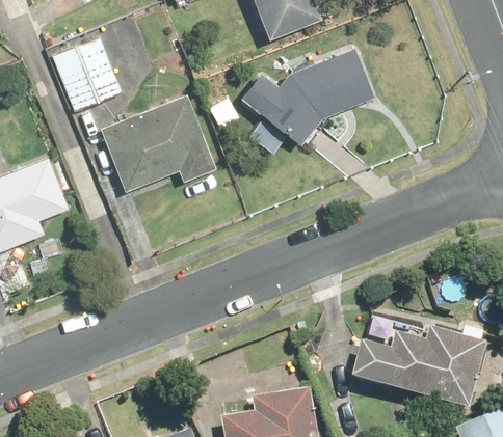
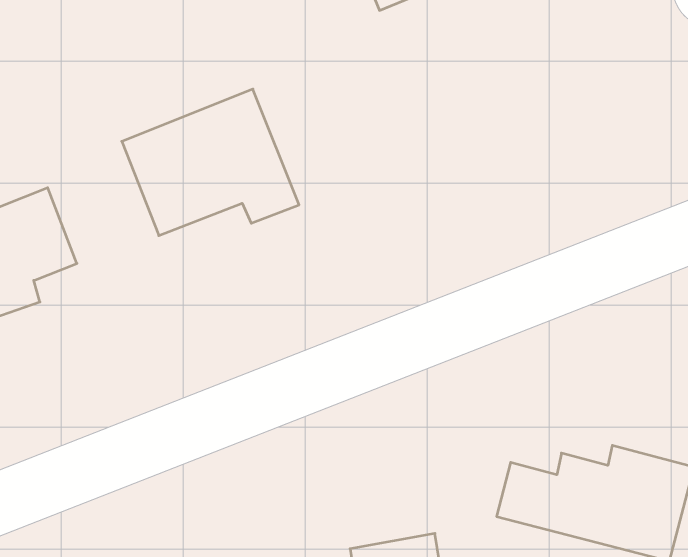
building: [50,37,122,111] -> none
building: [240,46,377,146] -> none

